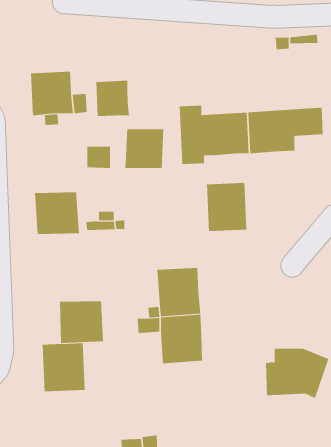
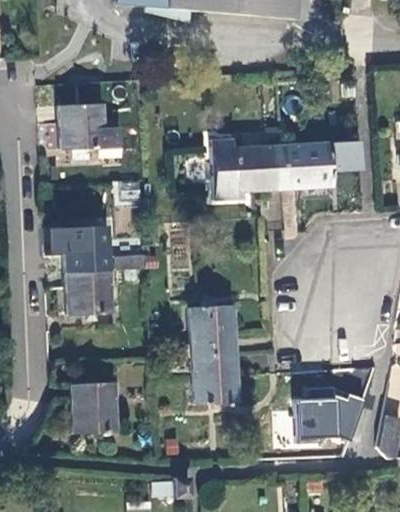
building: [96,80,129,117] -> none
building: [125,128,164,169] -> none
building: [207,182,247,232] -> none
building: [59,301,104,343] -> [66,269,112,313]

